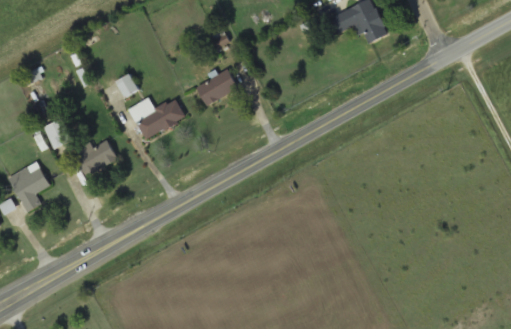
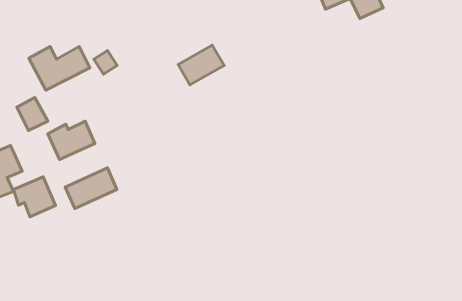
building: [128,98,185,139] -> [29,47,90,90]
building: none -> [65,168,117,209]
building: none -> [13,177,55,217]

